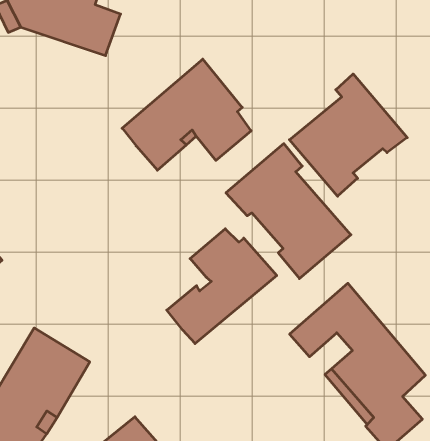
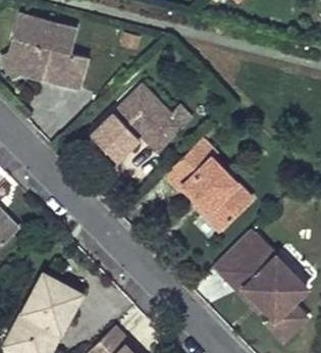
building: [289,74,407,196] -> none
building: [167,229,277,344] -> none

